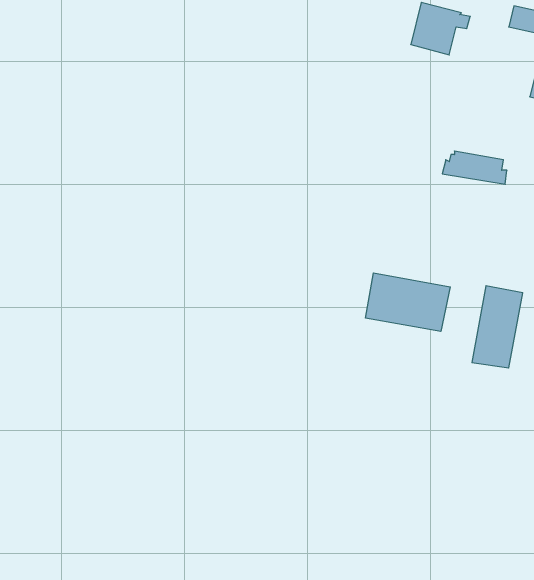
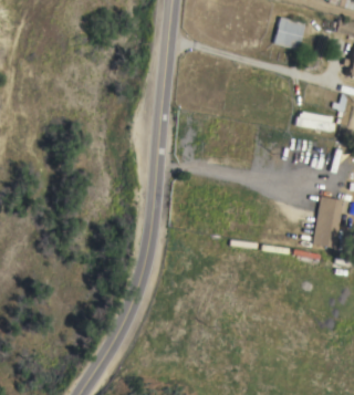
building: [366,273,450,331] -> none

